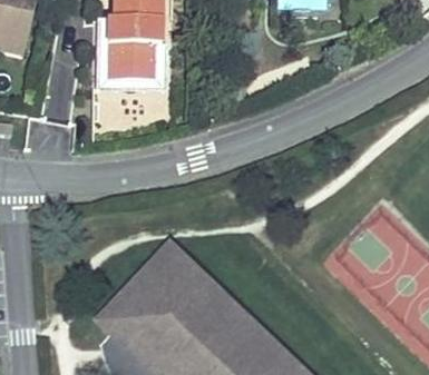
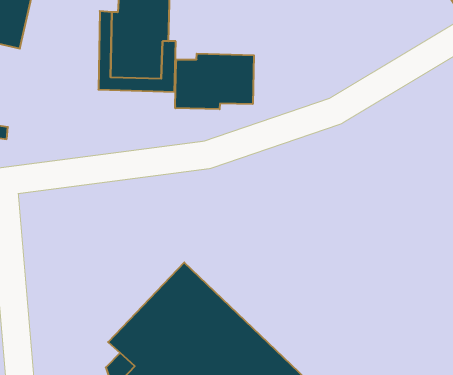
building: none -> [175,54,254,109]

